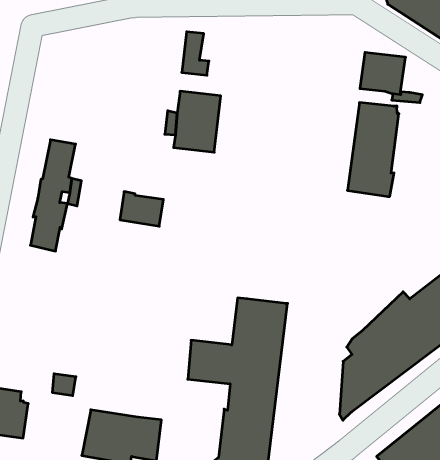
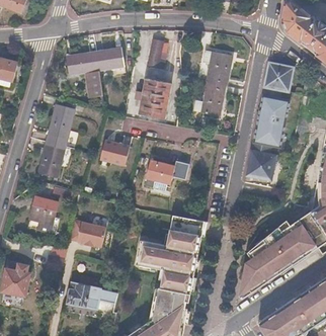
building: none -> [202,50,233,116]
building: none -> [66,48,126,96]
building: none -> [245,151,276,180]
building: none -> [147,161,190,187]
building: none -> [29,197,58,234]
building: none -> [80,221,110,248]

